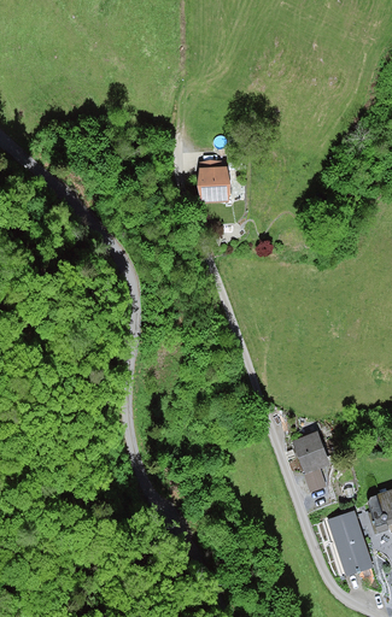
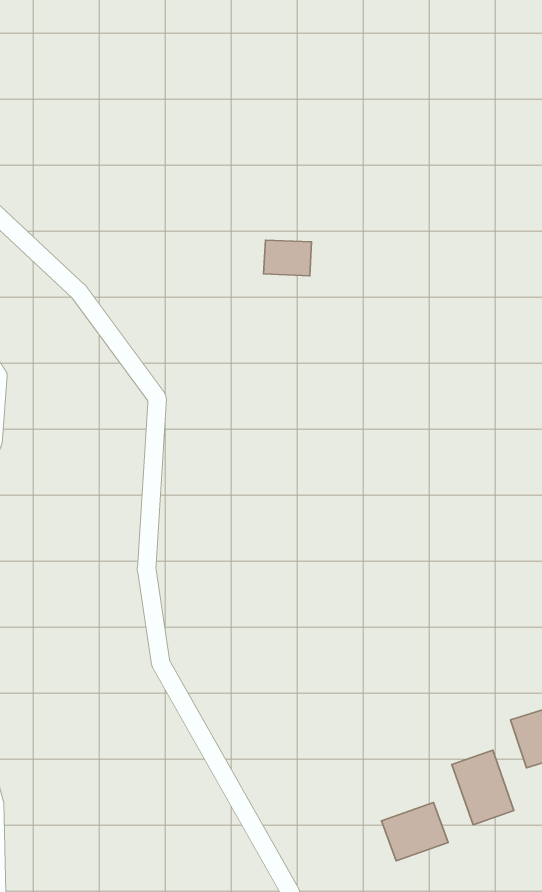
building: [291,430,332,476] -> none
building: none -> [382,803,448,861]

